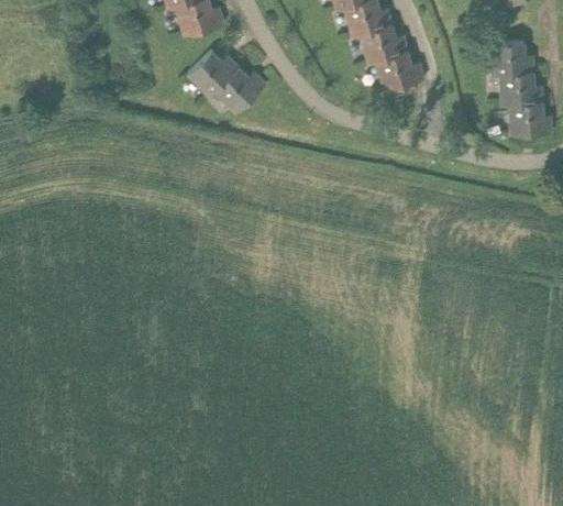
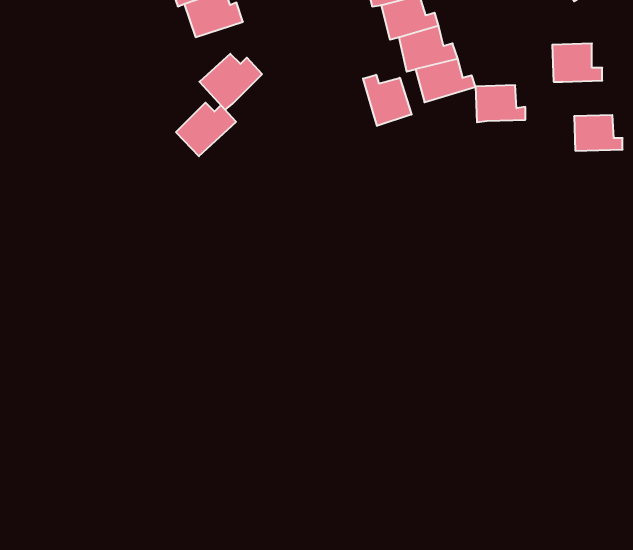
building: [216,68,267,114] -> [176,103,236,156]
building: none -> [363,75,412,126]
building: [499,74,542,106] -> [476,85,525,122]

